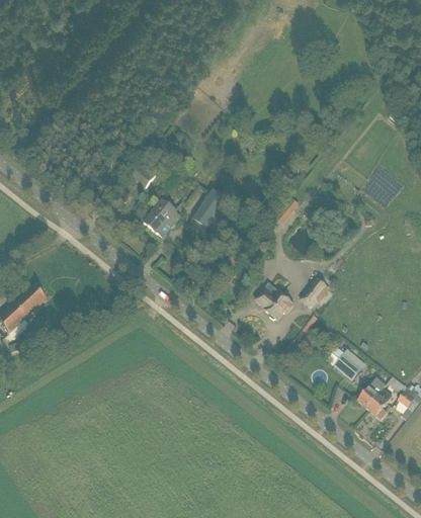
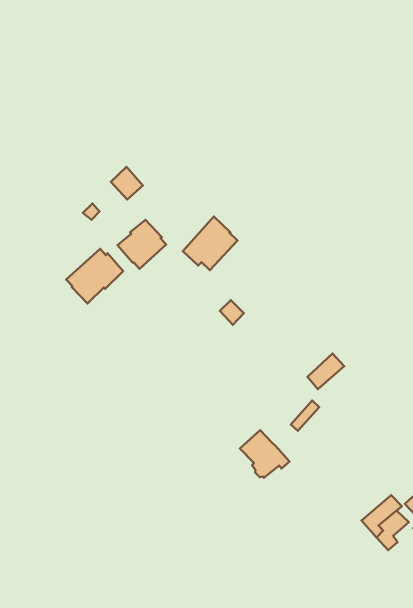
building: none -> [66,249,123,304]
building: [255,283,293,319] -> [240,430,289,478]
building: [333,352,362,380] -> none

